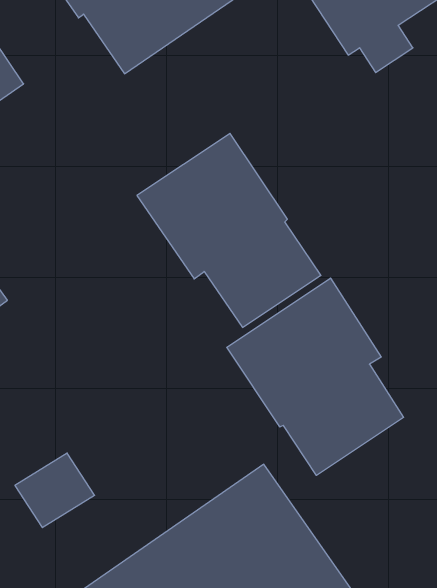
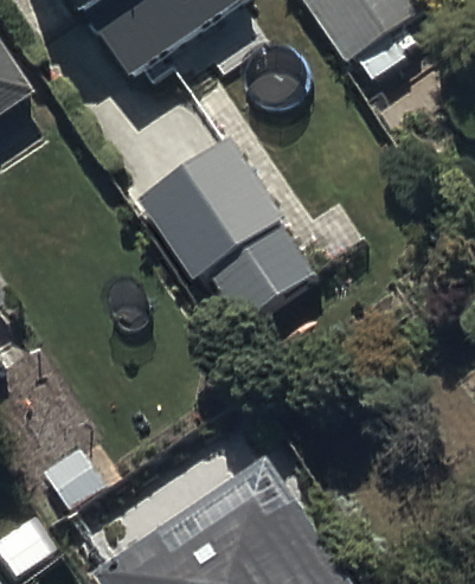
building: [227,278,404,475] -> none

